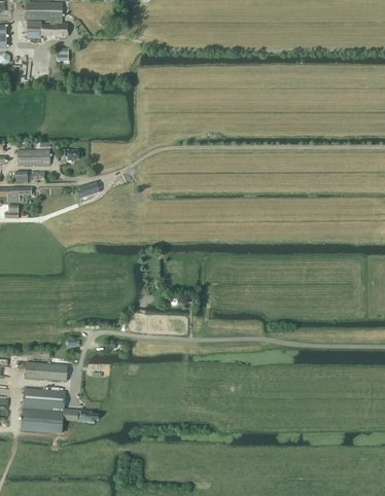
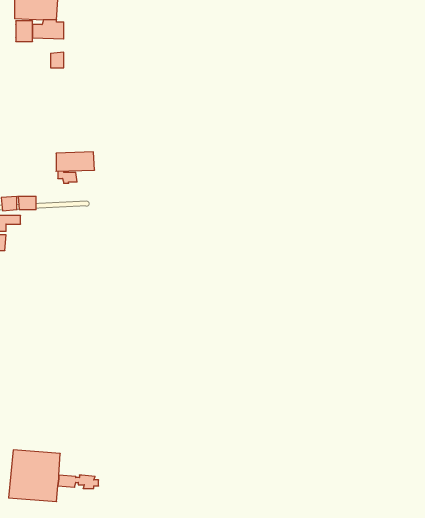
building: [18,149,50,166] -> [56,152,95,171]
building: [25,361,68,381] -> none

